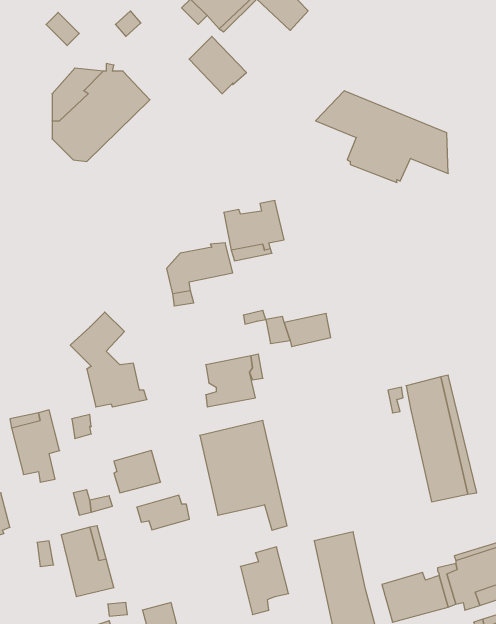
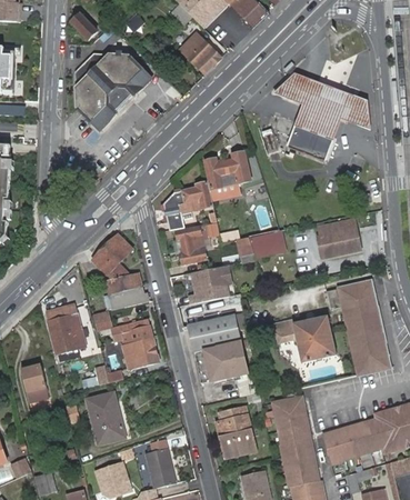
building: none -> [286,121,334,163]
building: none -> [318,219,360,257]
building: none -> [176,224,207,263]
building: none -> [266,316,336,362]
building: [137,495,189,530] -> [112,318,151,343]

